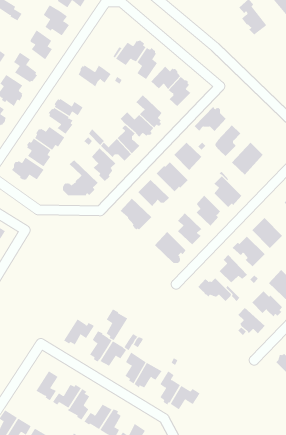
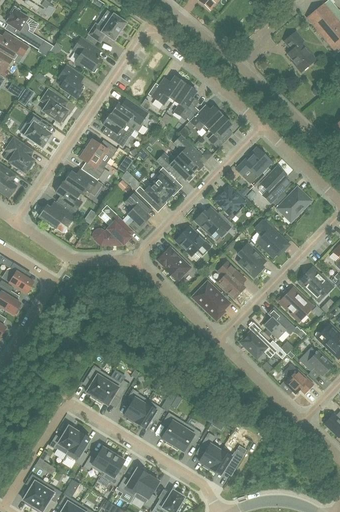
building: none -> [102,113,134,147]
building: [106,308,128,341] -> [86,365,110,400]
building: none -> [49,425,80,454]

